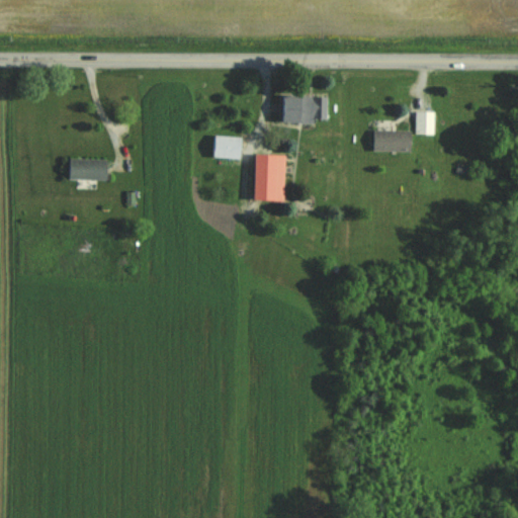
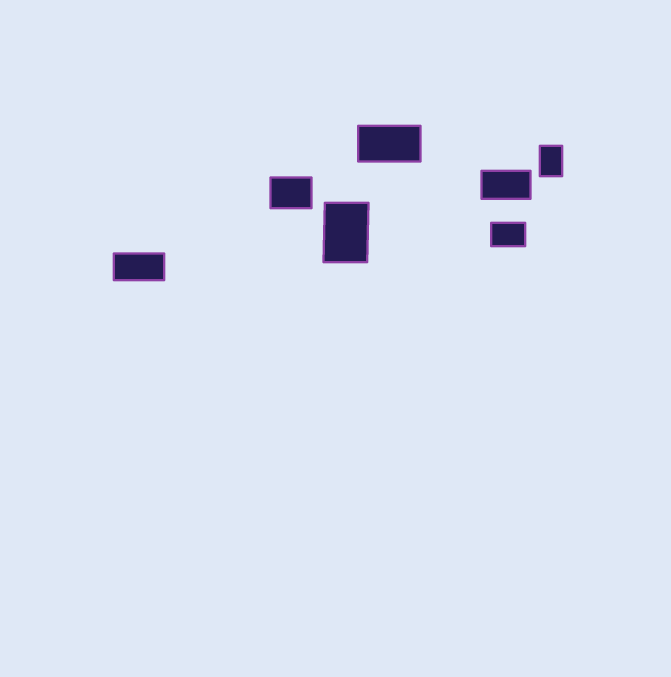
building: [70,159,108,179] -> [114,254,164,280]
building: none -> [491,223,525,246]

